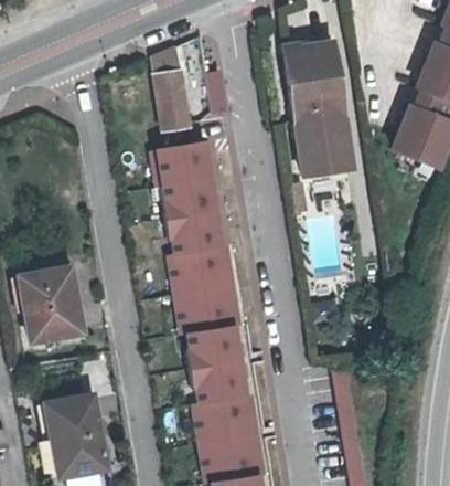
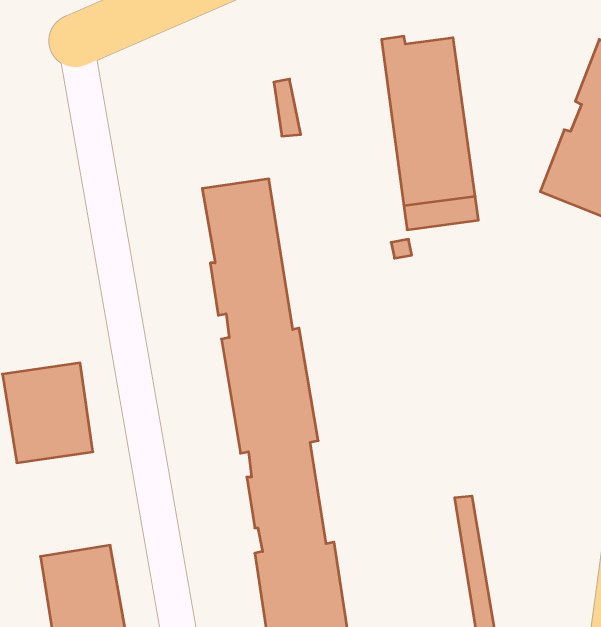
building: [151,46,191,131] -> none

